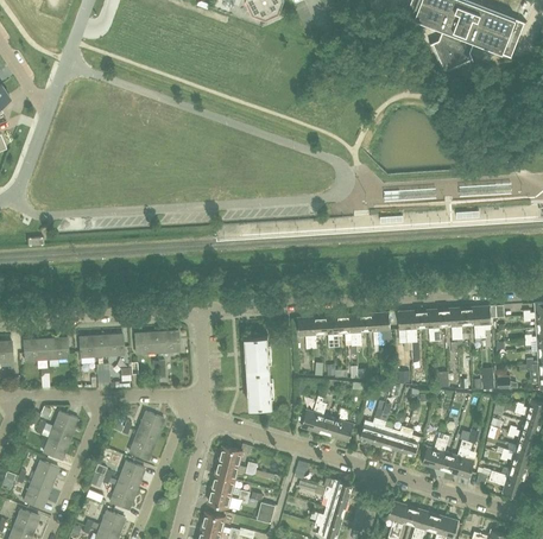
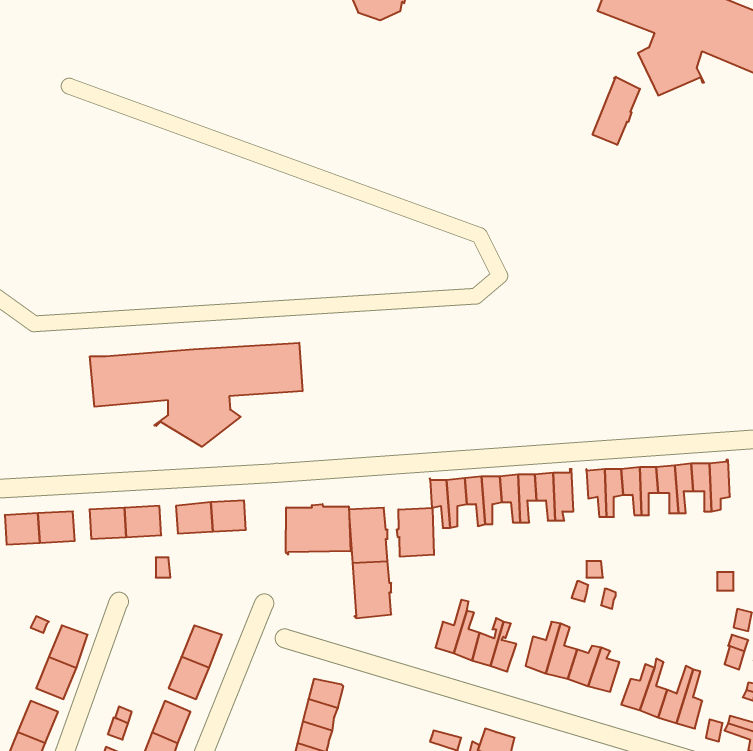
building: none -> [593,77,640,145]
building: none -> [90,343,302,447]
building: none -> [286,504,350,555]
building: none -> [397,508,434,557]

